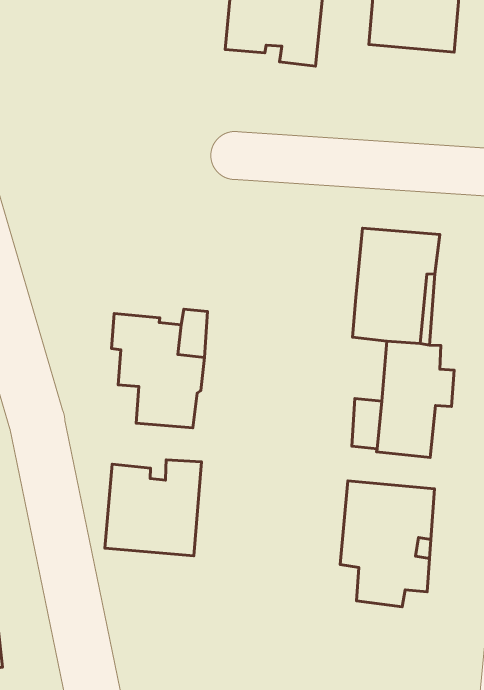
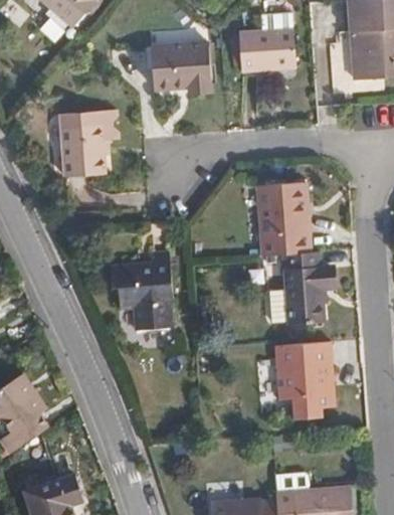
building: none -> [61,111,119,177]
building: [105,460,202,556] -> none

